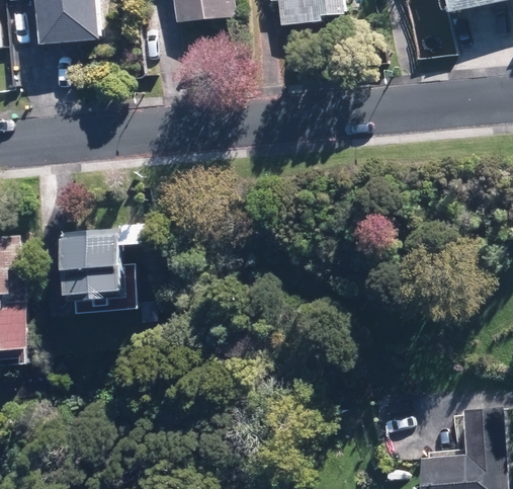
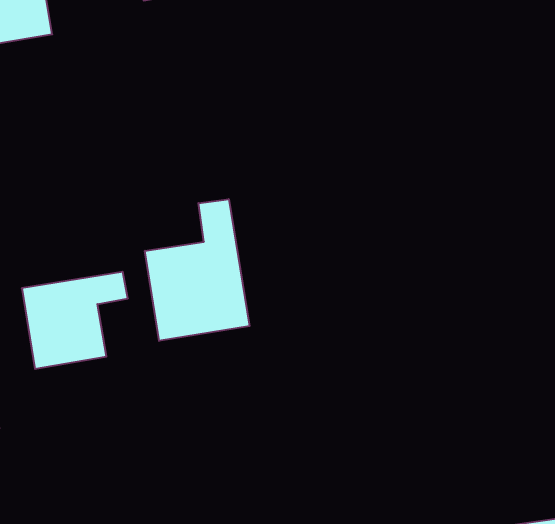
building: none -> [145,199,250,341]

